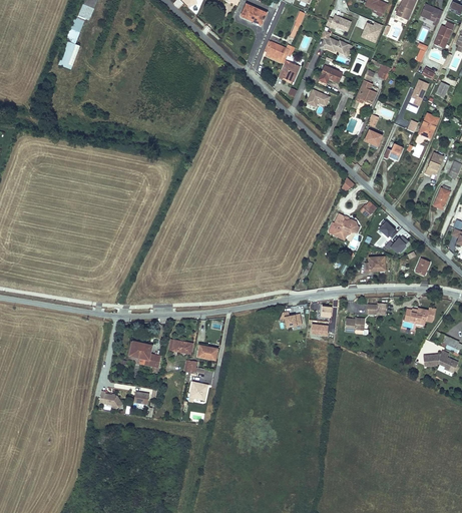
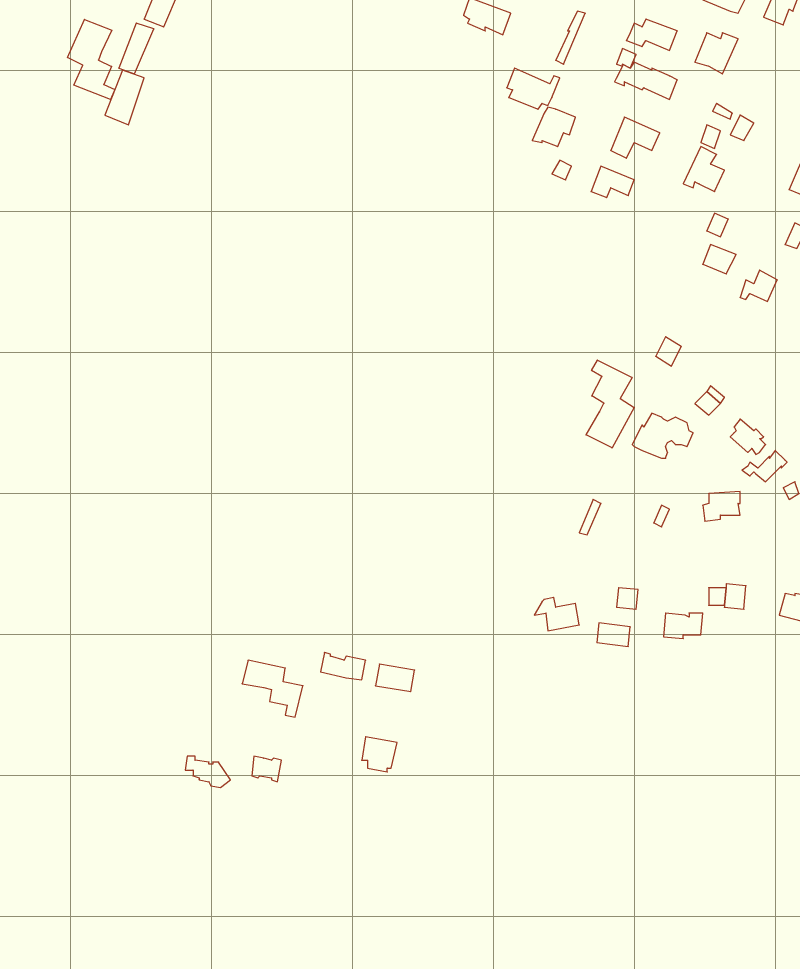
building: none -> [68,19,115,99]
building: none -> [586,360,634,448]

